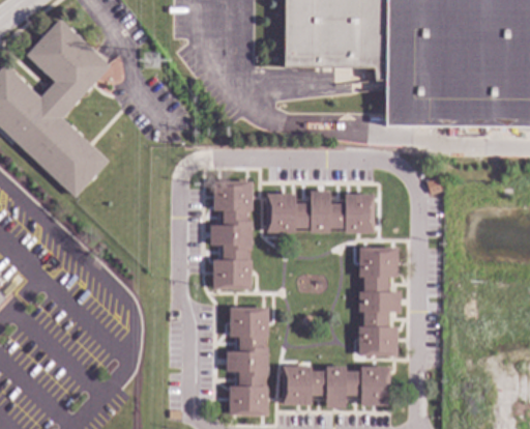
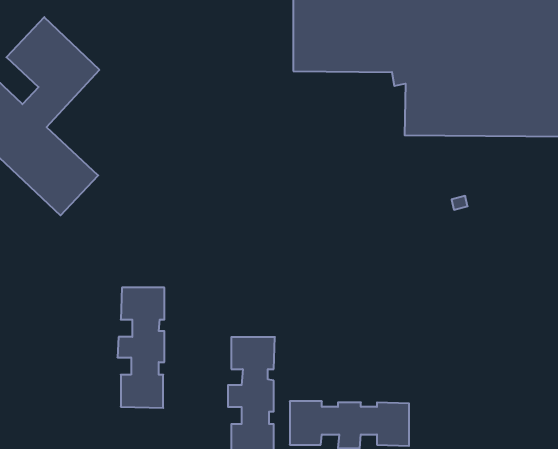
building: [209,181,252,290] -> [117,288,164,408]
building: [266,192,374,233] -> none
building: [358,249,400,356] -> none

